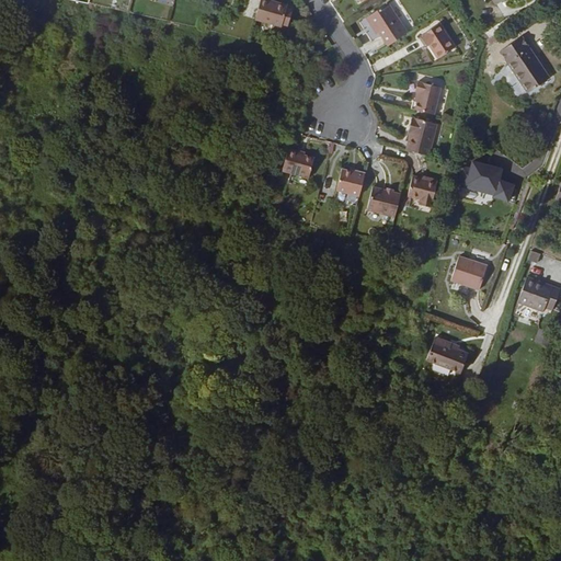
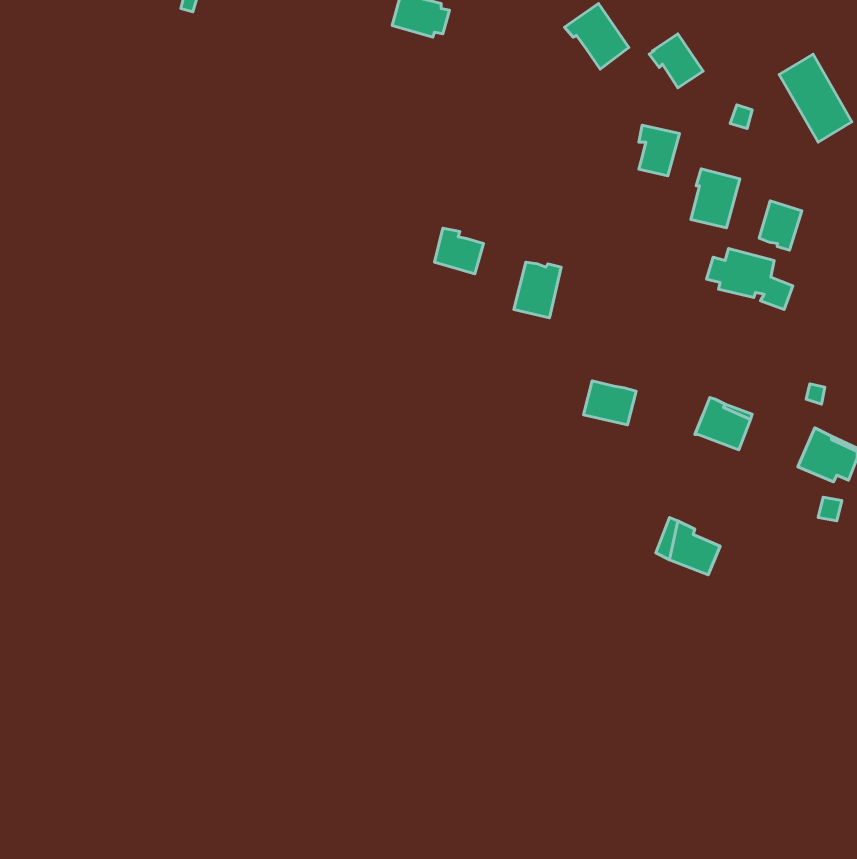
building: [405,117,437,156] -> [691,169,740,228]
building: none -> [759,201,802,250]
building: [408,176,437,205] -> none
building: [366,187,400,216] -> [584,381,636,425]

